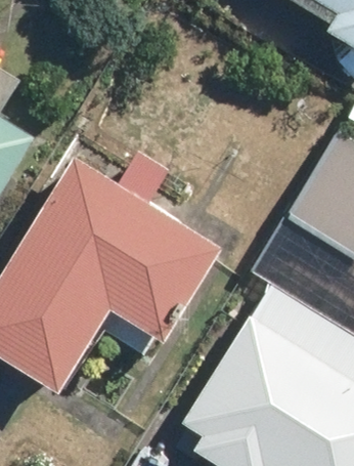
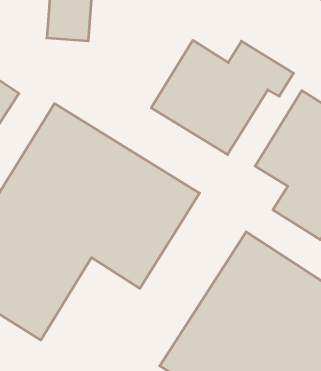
building: none -> [151,40,294,155]

